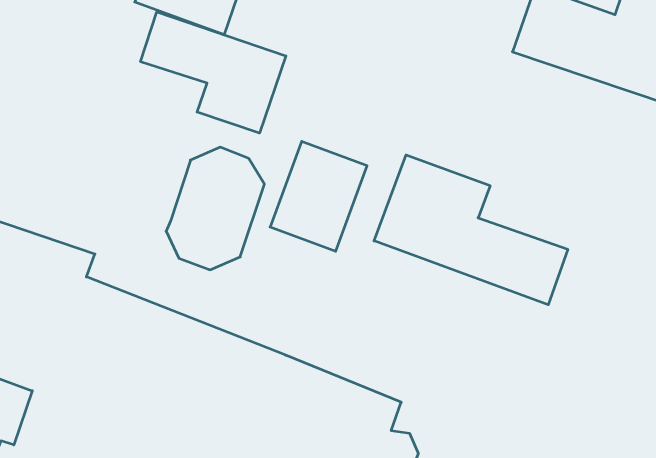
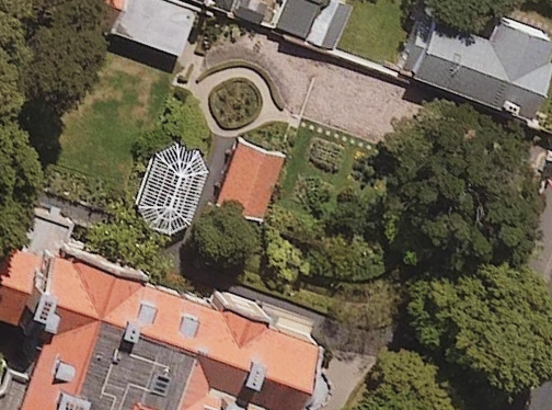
building: [141,12,286,133] -> none
building: [374,155,568,305] -> none

